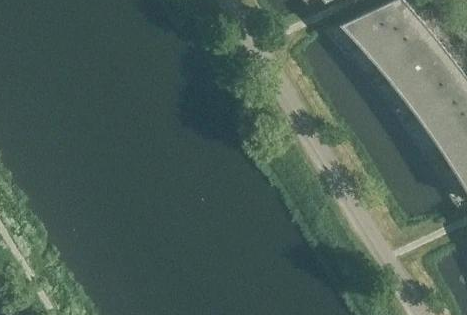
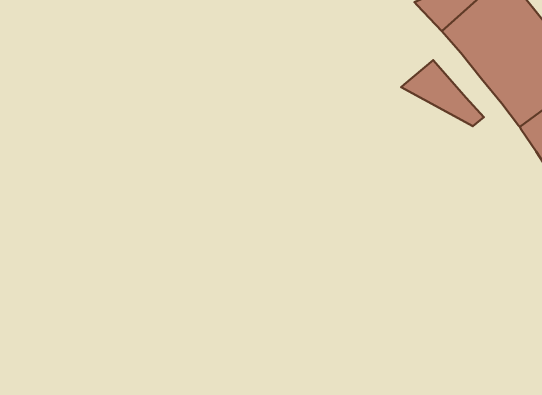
building: none -> [401,60,484,126]

